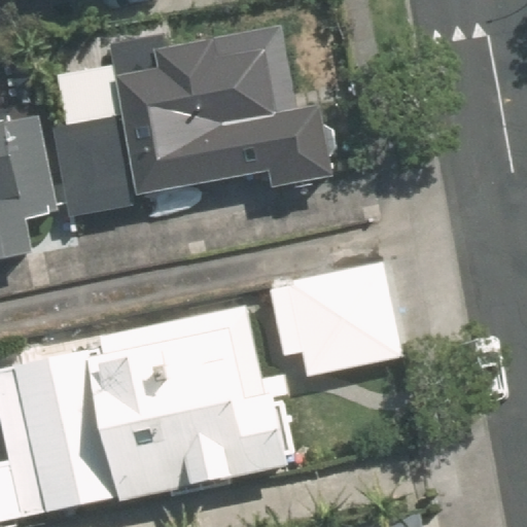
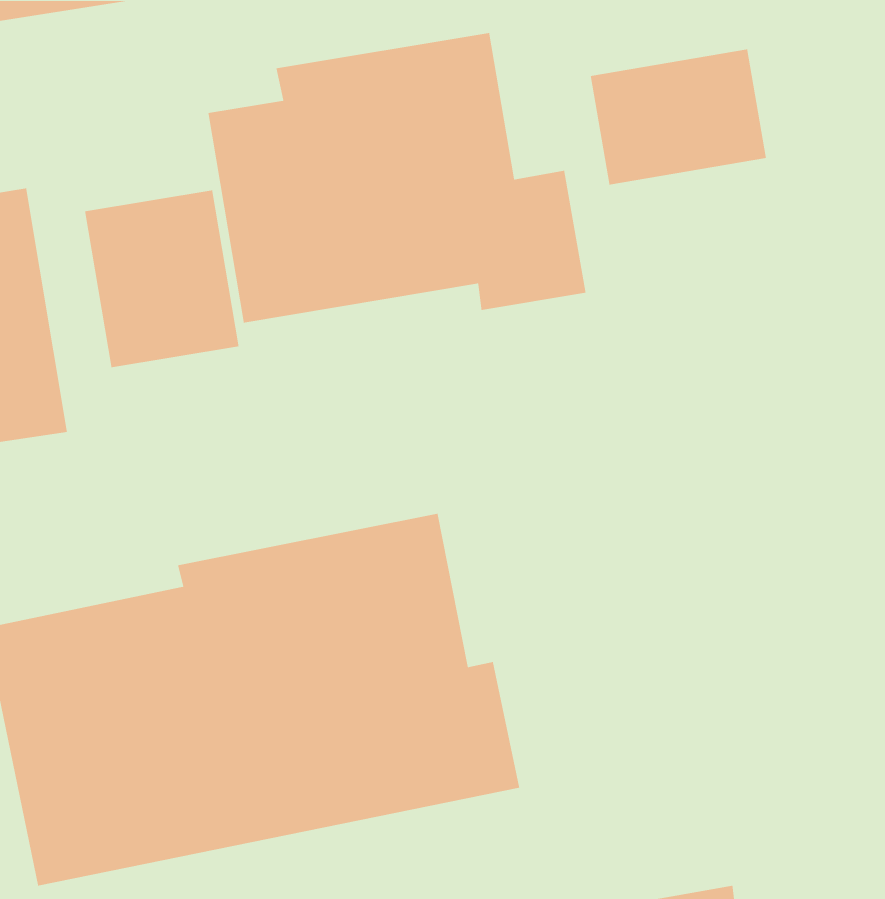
building: none -> [590,49,767,185]
building: [267,255,401,377] -> none

